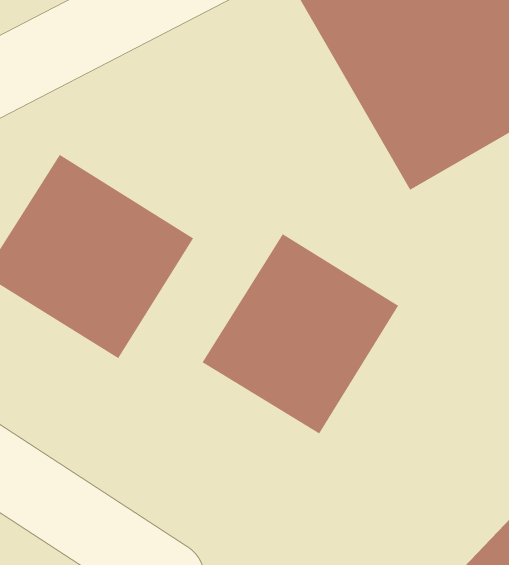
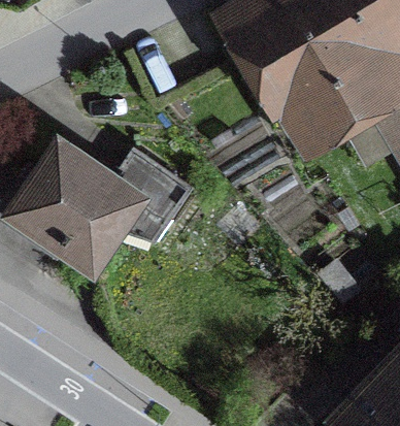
building: [202,233,399,434] -> none

